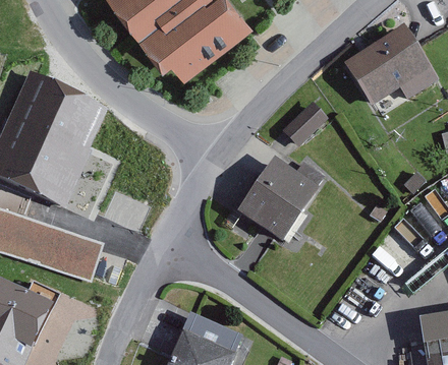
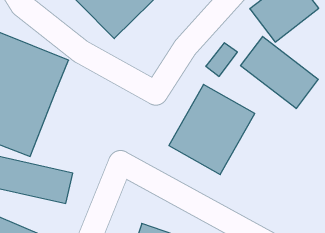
building: none -> [241,36,318,109]

